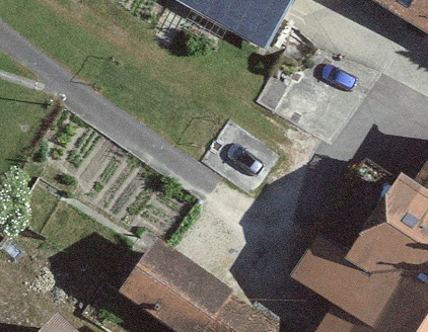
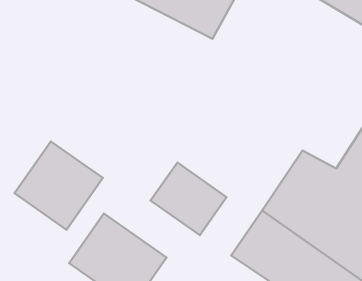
building: none -> [14,141,103,230]
building: none -> [151,162,227,235]

